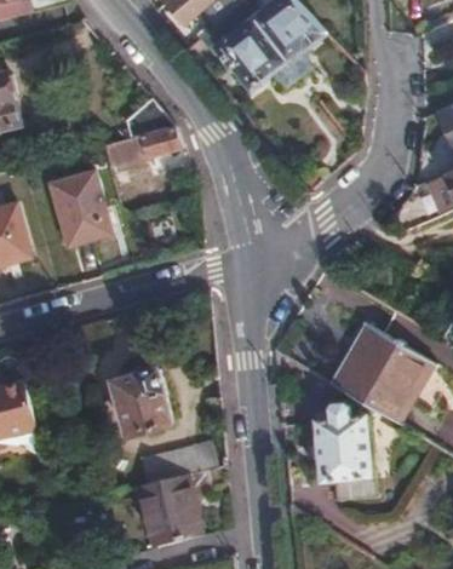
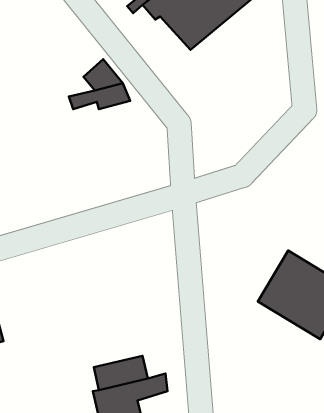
building: [50,169,110,241] -> none
building: [109,370,168,435] -> none
building: [316,397,371,495] -> none

